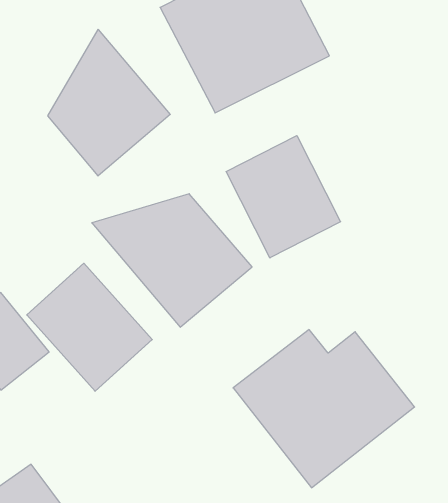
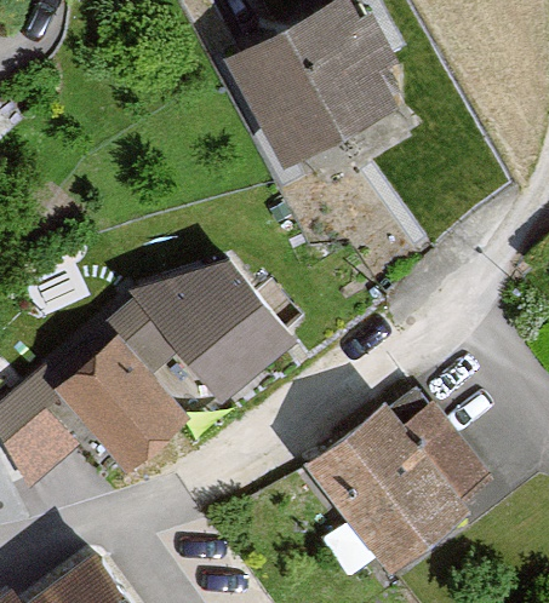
building: [48,29,170,176] -> none
building: [226,136,341,258] -> none

